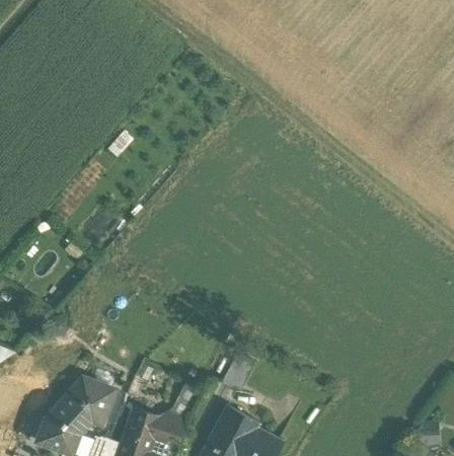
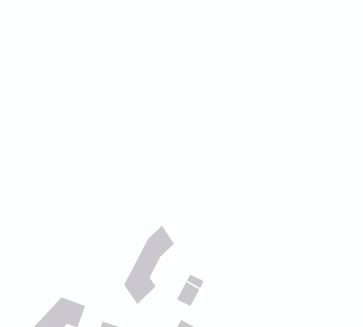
building: none -> [123,225,175,305]

